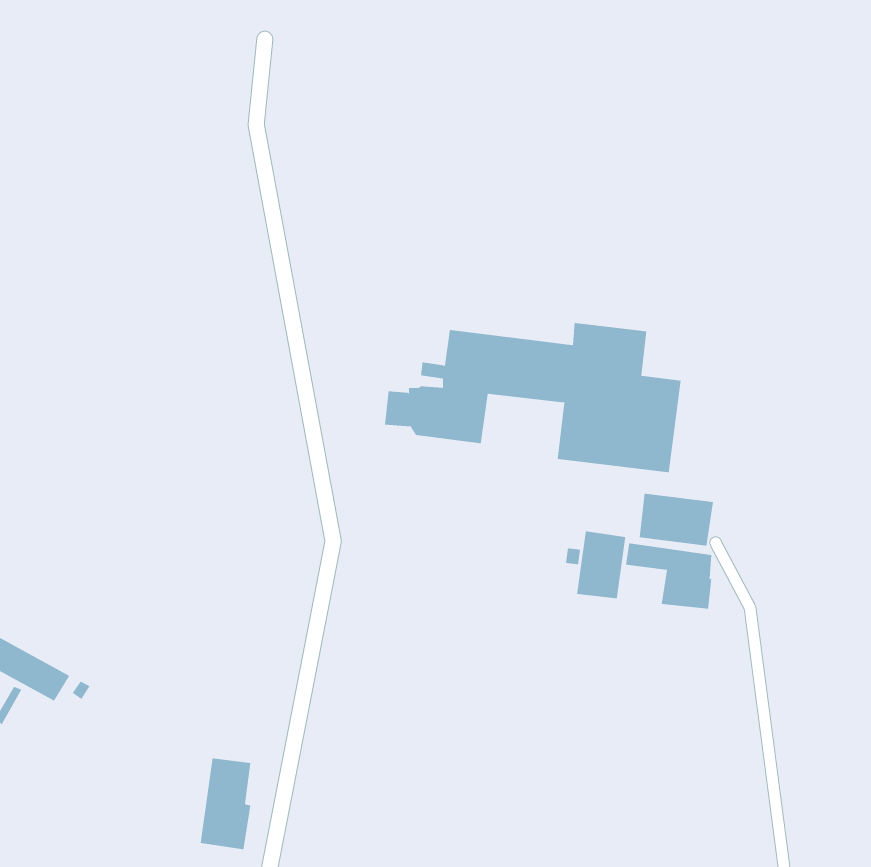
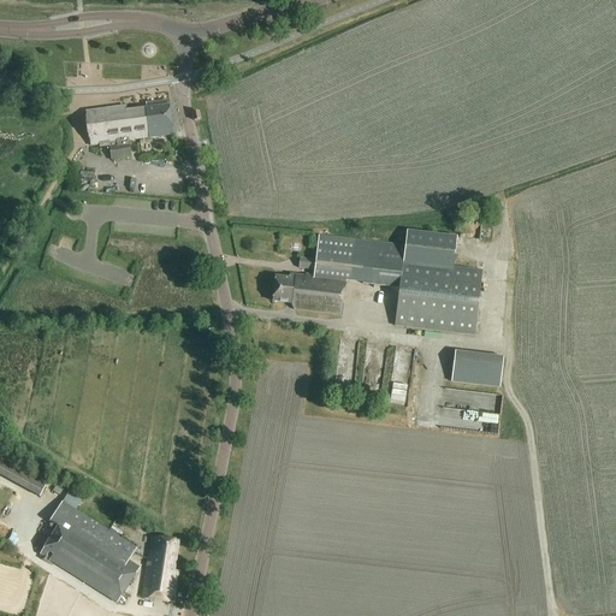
building: none -> [85,102,172,155]
building: [576,530,626,599] -> none
building: none -> [38,498,140,602]

